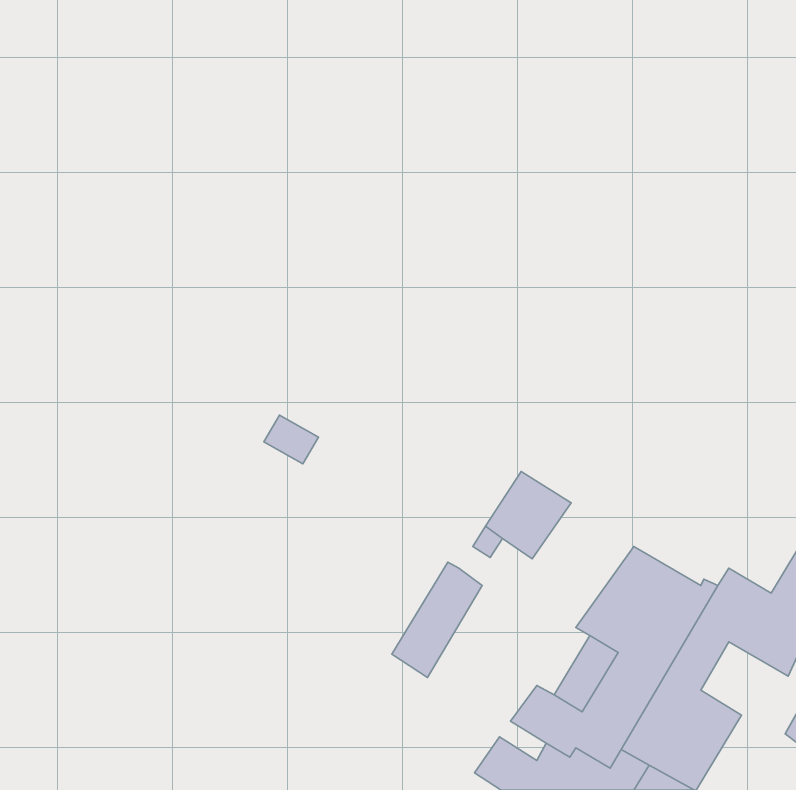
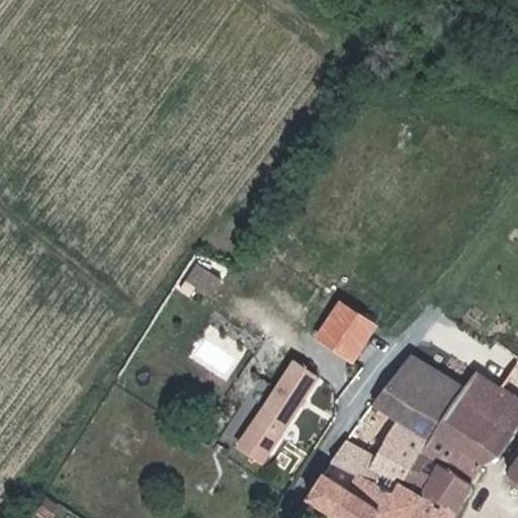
building: none -> [455,416,512,463]
building: none -> [238,424,278,465]

